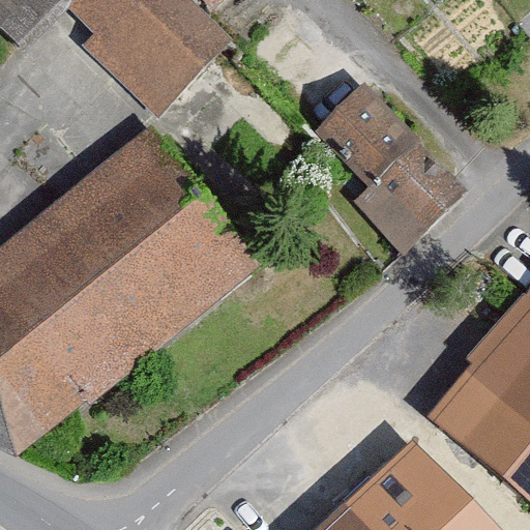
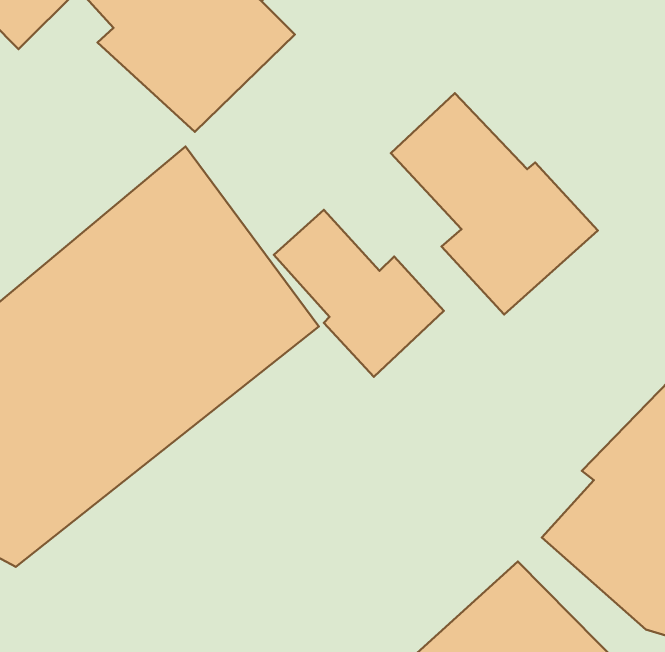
building: none -> [274,210,444,377]

